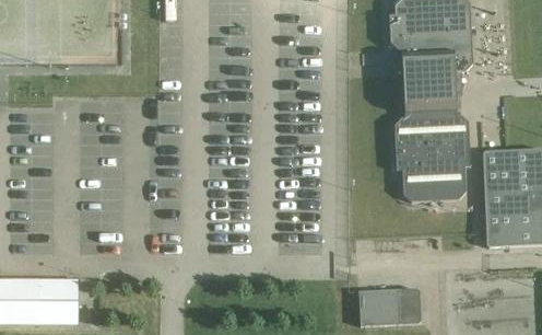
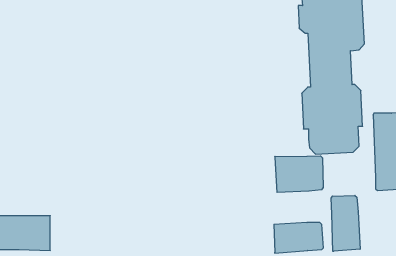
building: none -> [275,156,323,192]
building: none -> [331,195,360,251]

